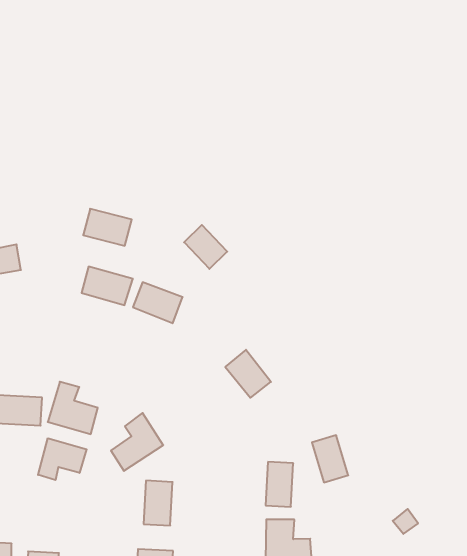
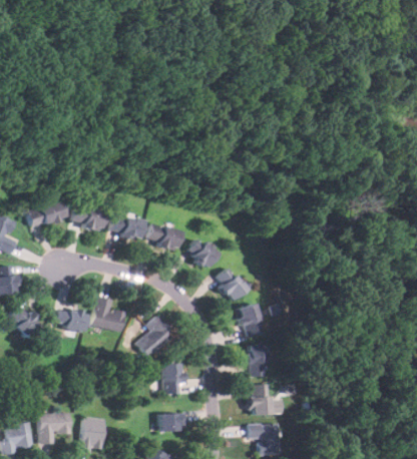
building: [83,209,132,246] -> [72,205,106,231]
building: [184,225,227,269] -> [187,238,219,269]
building: [312,435,348,482] -> [238,304,265,338]
building: [38,438,87,480] -> none

